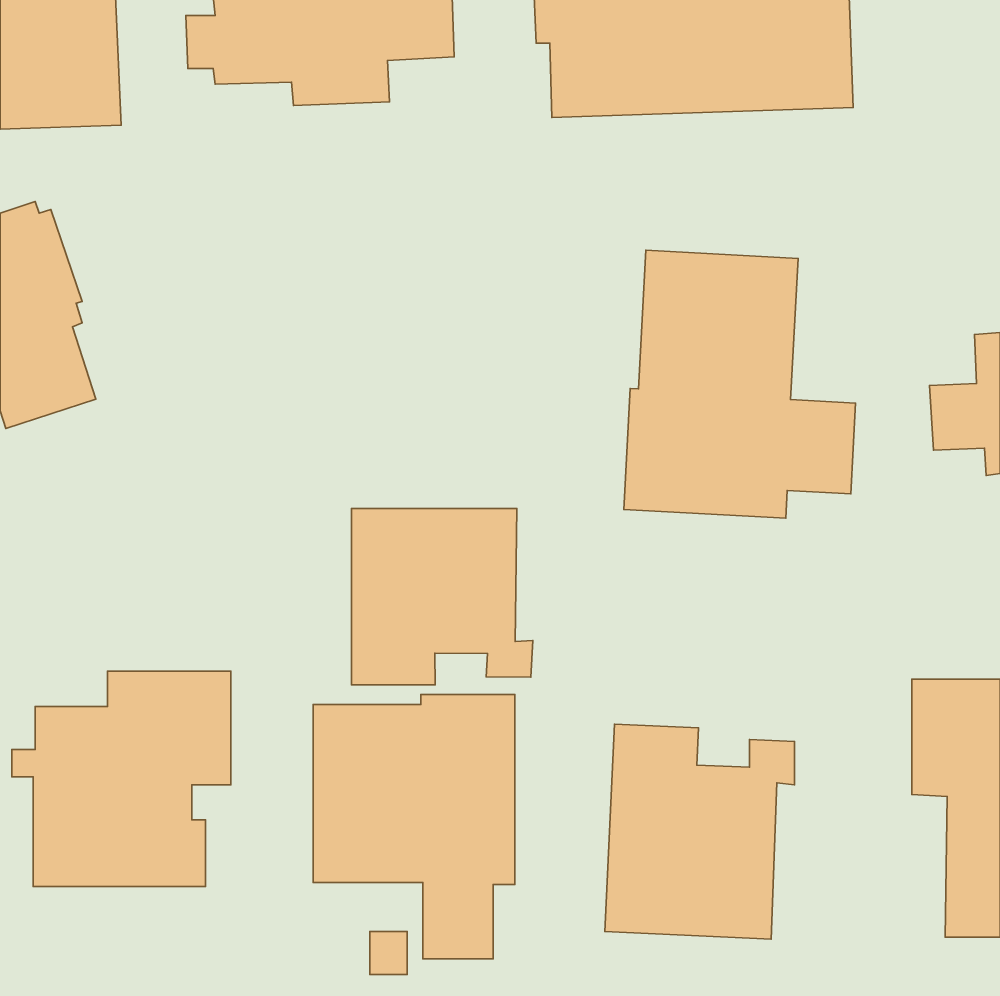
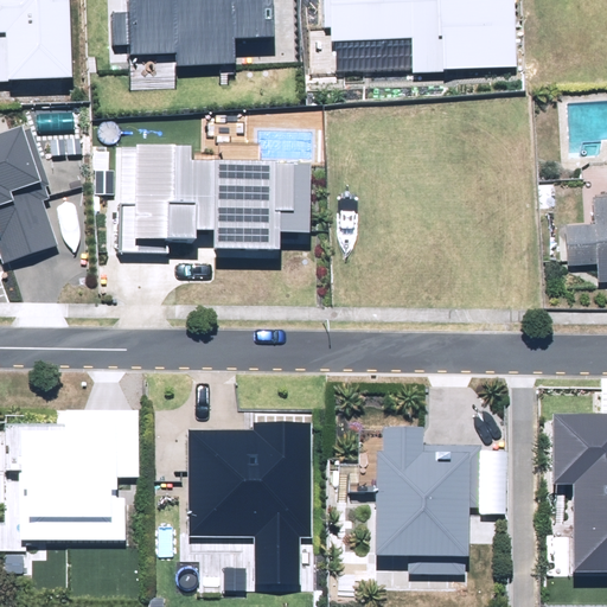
building: [624,250,856,518] -> none
building: none -> [119,154,312,268]
building: [352,509,533,685] -> none

